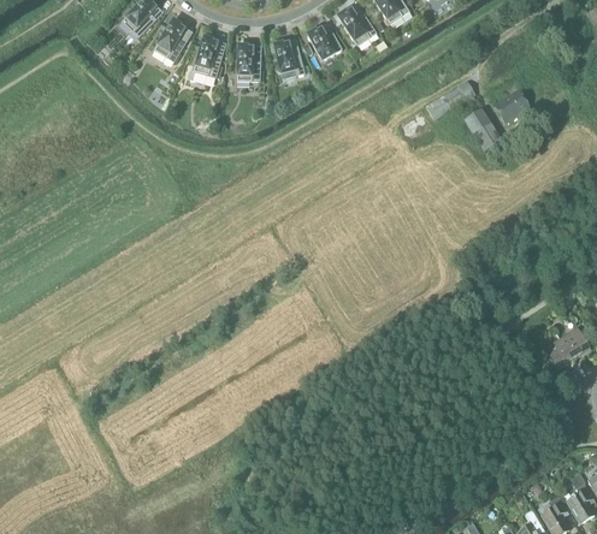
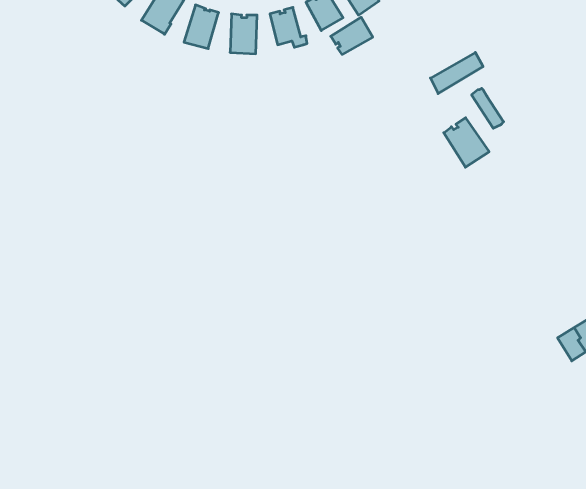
building: none -> [331,17,373,54]
building: [493,88,530,121] -> none
building: none -> [444,118,489,167]

